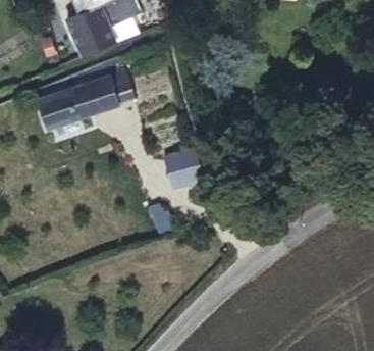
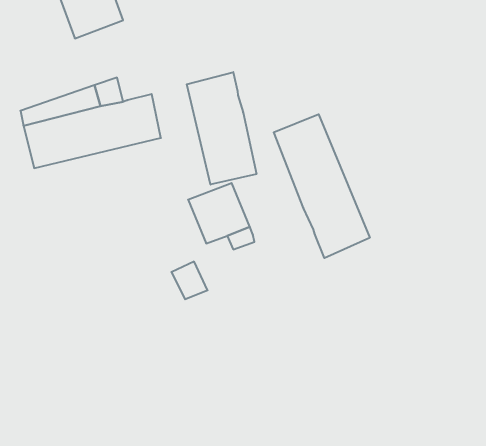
building: none -> [187,72,256,185]
building: none -> [274,114,370,258]

